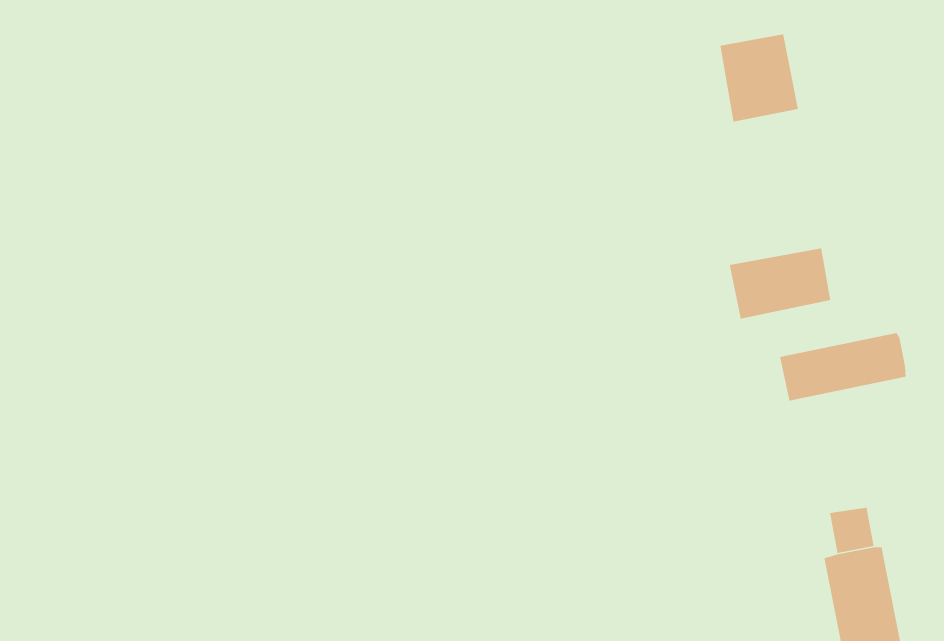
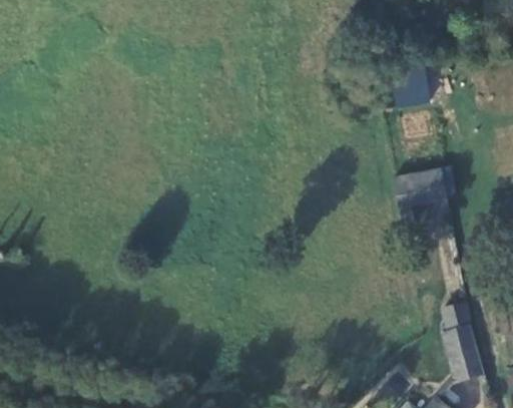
building: [779,332,907,402] -> none

